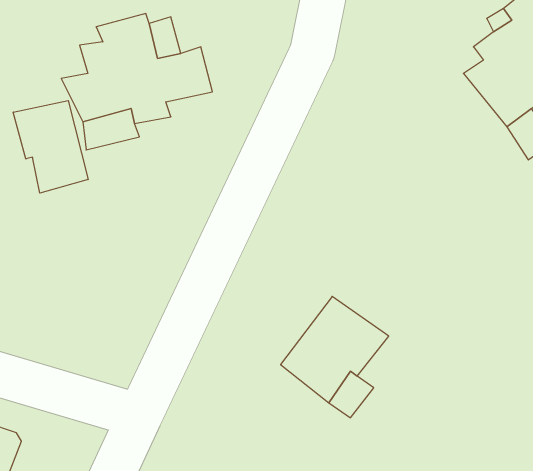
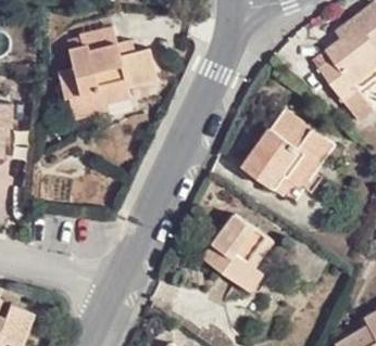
building: [13,101,88,193] -> none
building: none -> [245,110,330,200]

